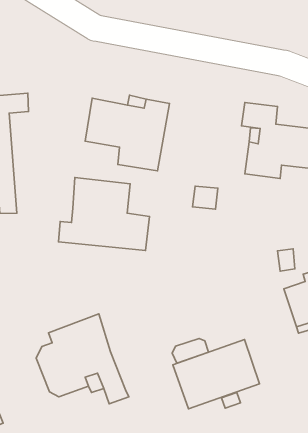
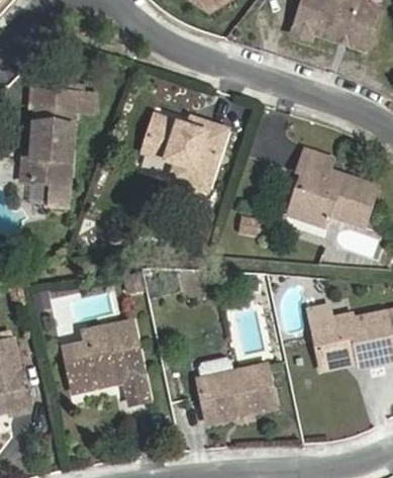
building: [58,178,150,251] -> none

